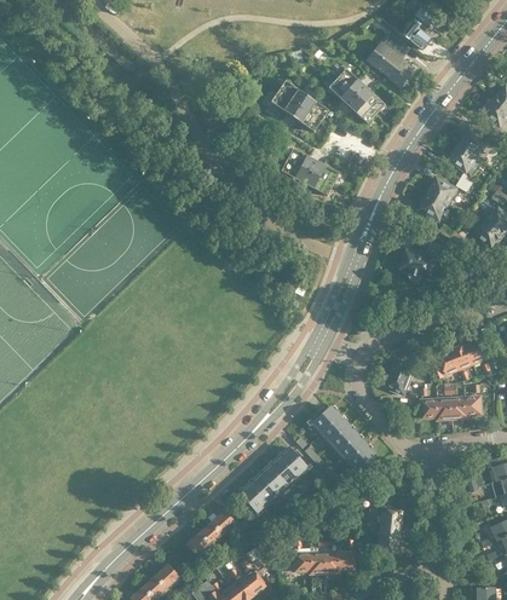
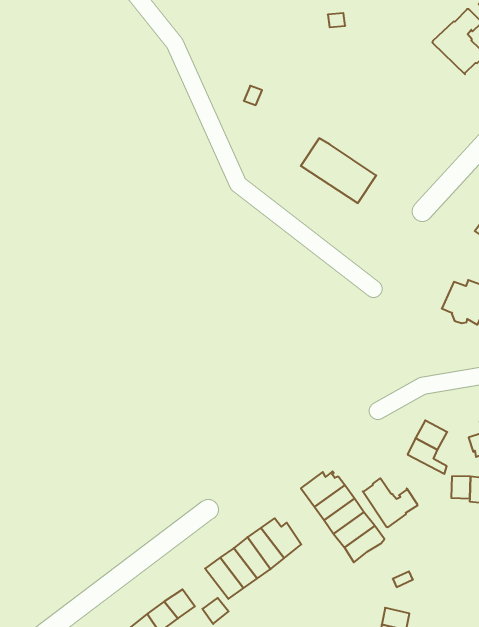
building: [329,69,385,123] -> none
building: [271,81,329,132] -> none
building: none -> [363,478,417,527]

